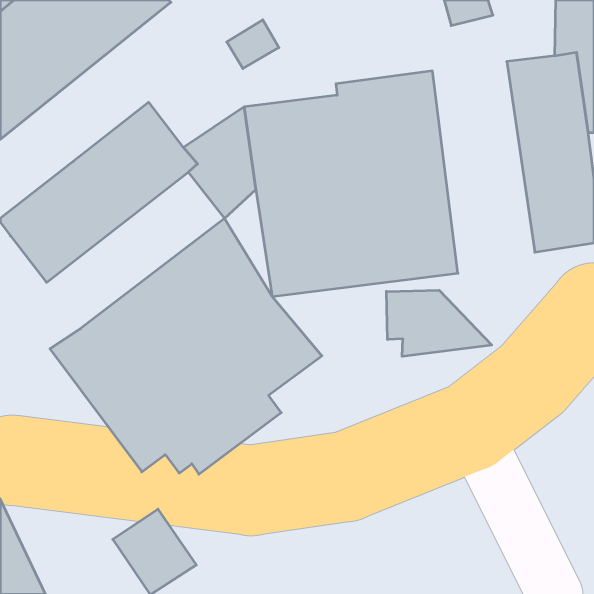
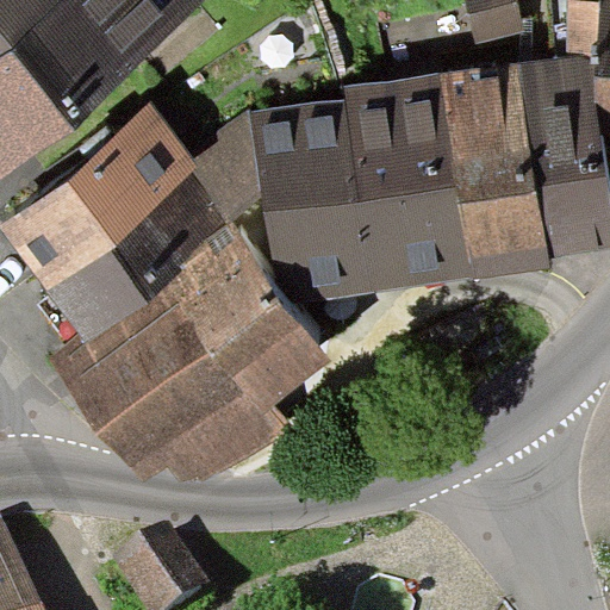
building: none -> [443,63,549,280]
building: none -> [48,176,230,337]
building: [386,290,492,356] -> none

